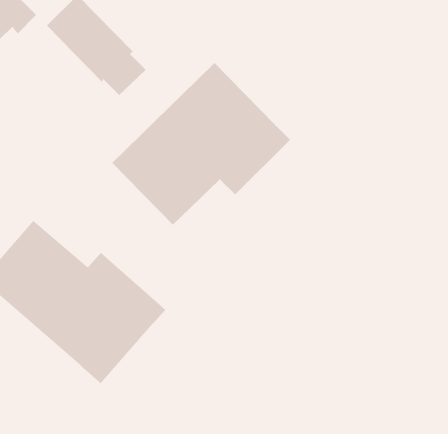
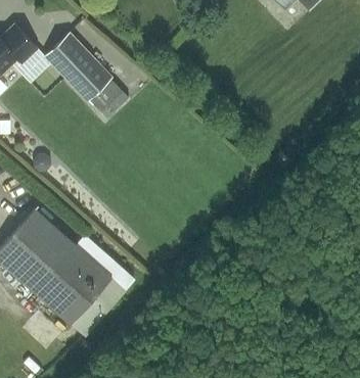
building: [111,62,291,226] -> none

